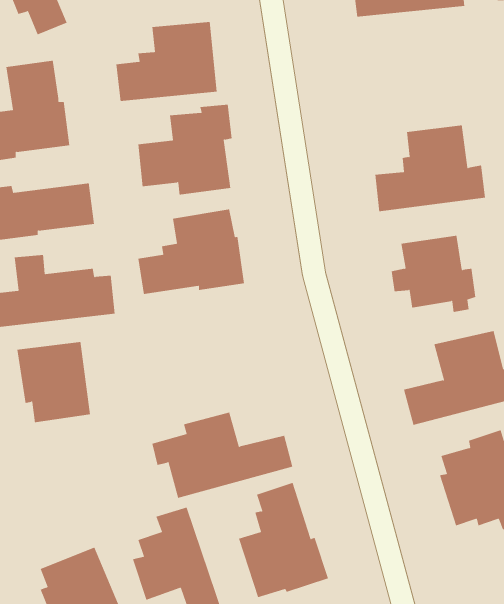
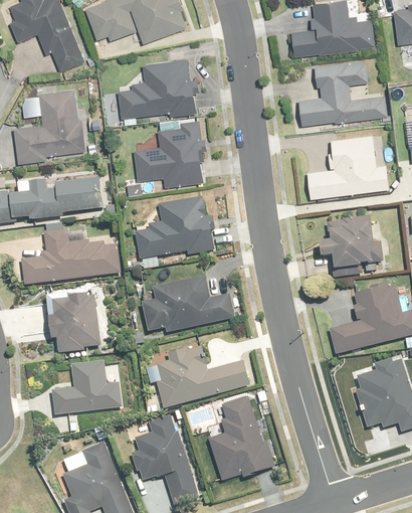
building: none -> [298,60,386,126]
building: none -> [141,275,235,333]
building: none -> [52,360,121,415]

